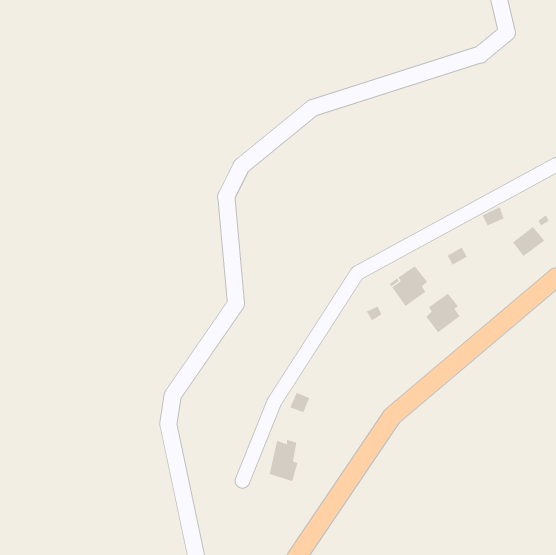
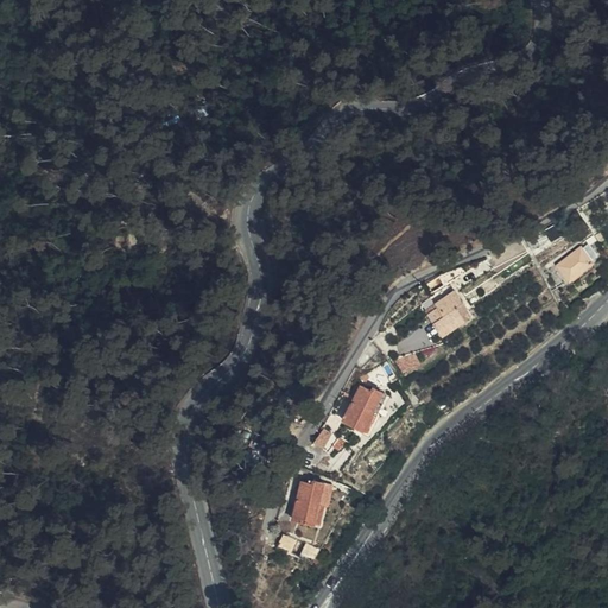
building: [426,293,461,333] -> none
building: none -> [343,386,380,433]

